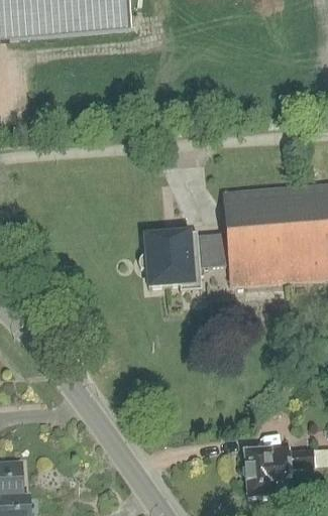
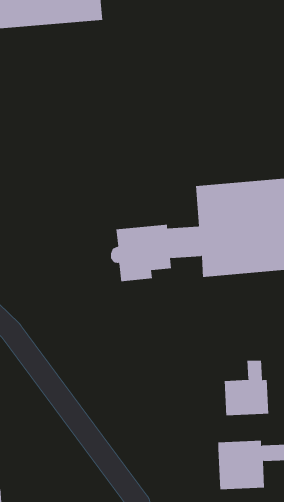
building: none -> [224,360,269,416]

